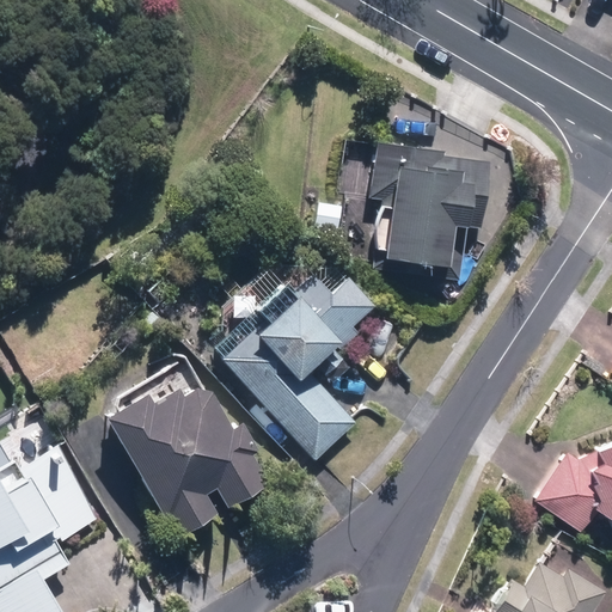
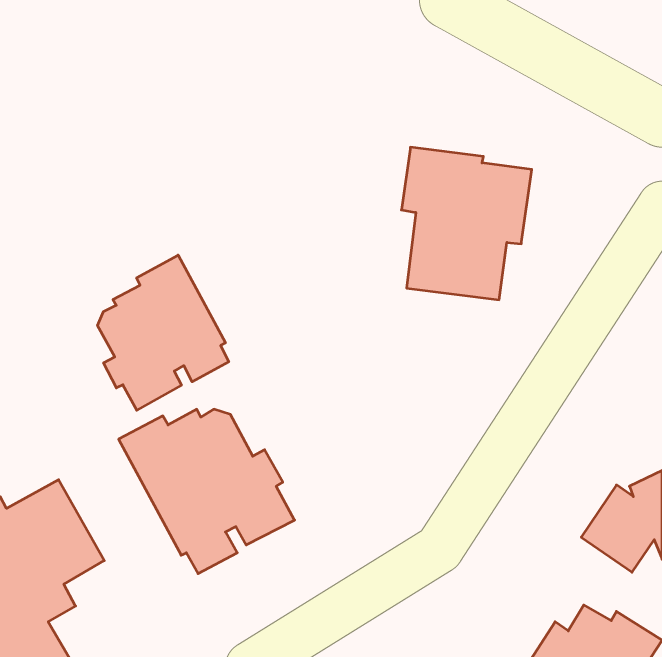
building: none -> [98,255,229,410]
building: [222,274,375,463] -> none

